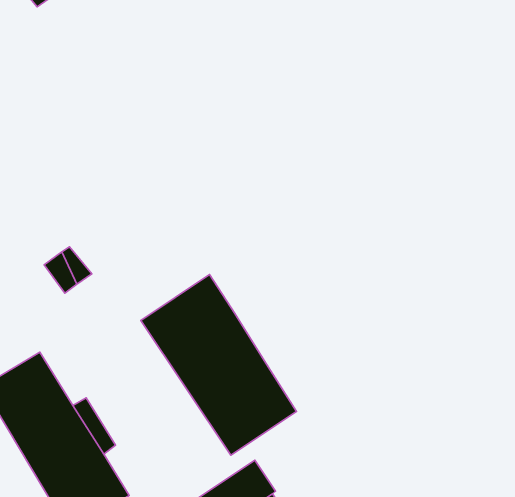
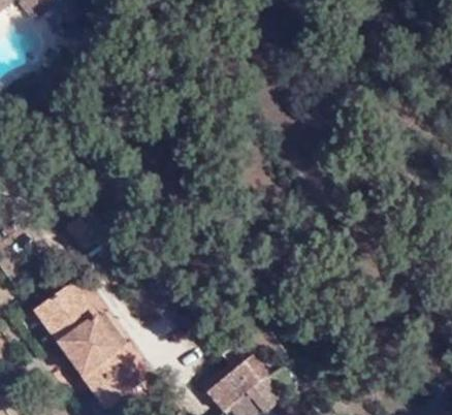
building: [141,274,296,455] -> none

